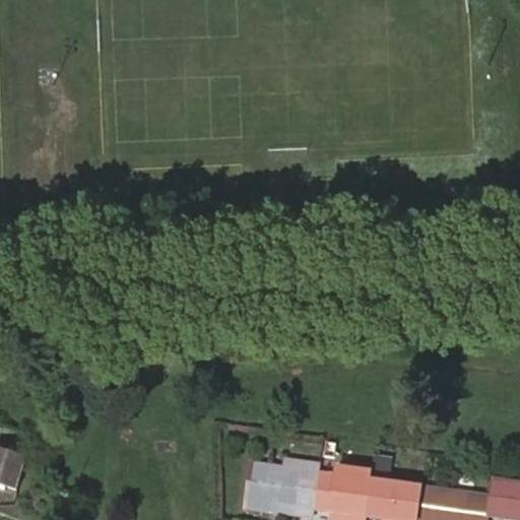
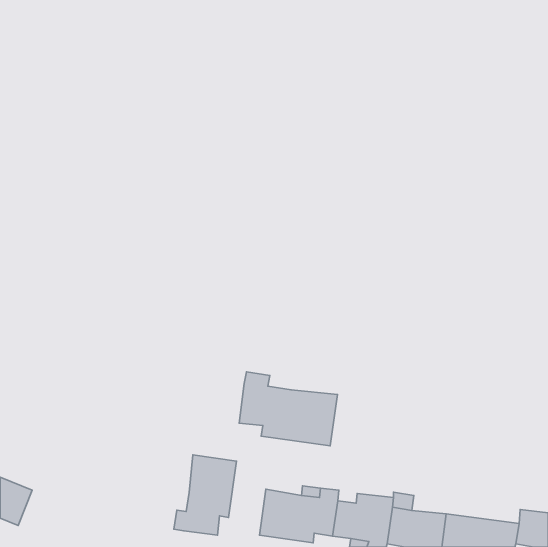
building: none -> [239,372,337,446]
building: none -> [174,455,236,535]

